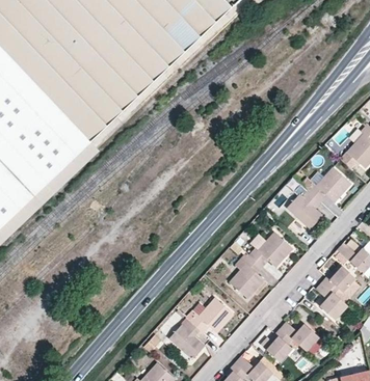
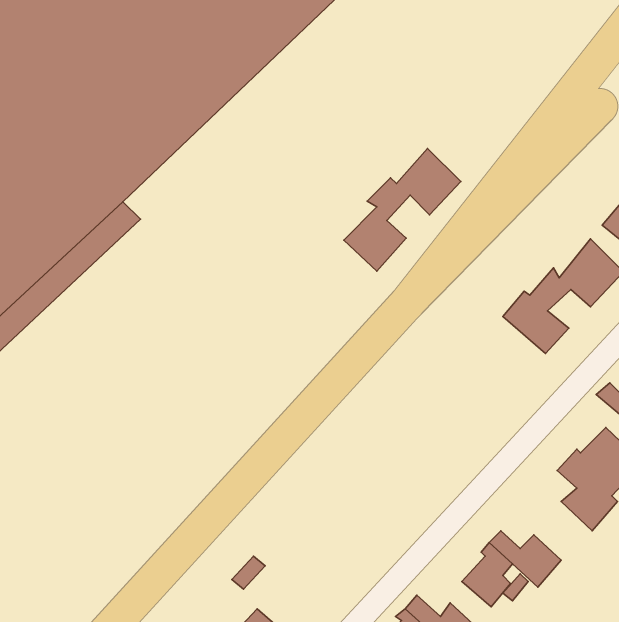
building: [231,230,293,296] -> [344,149,461,271]
building: [168,297,234,358] -> none

